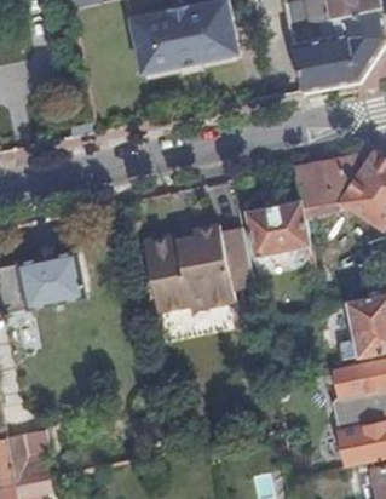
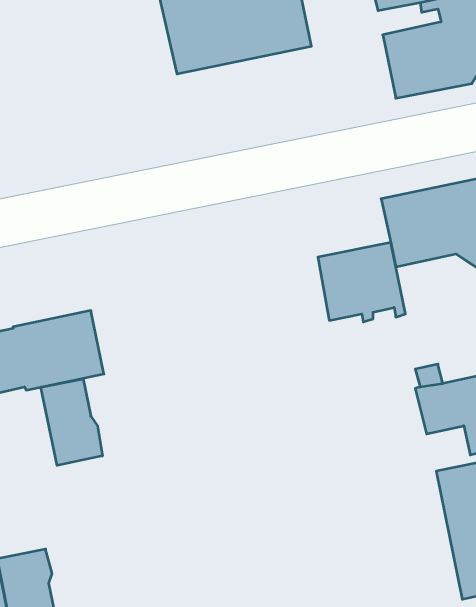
building: [142,225,253,312] -> none
building: none -> [41,379,102,465]

